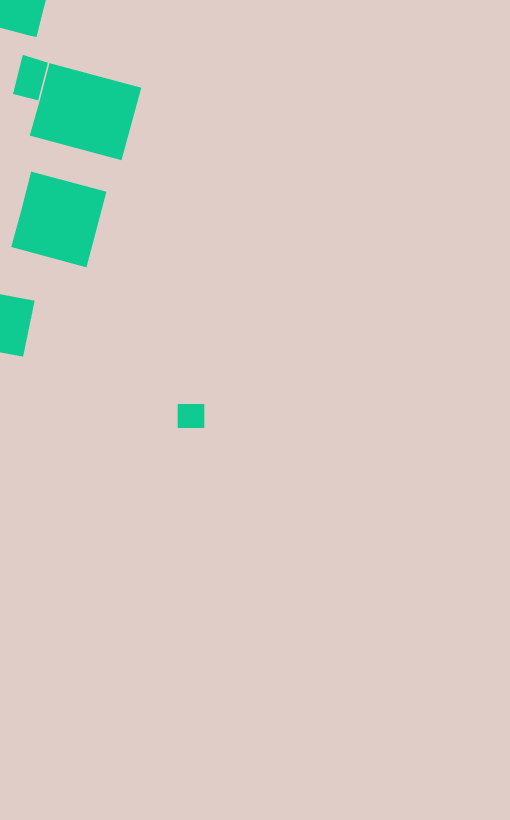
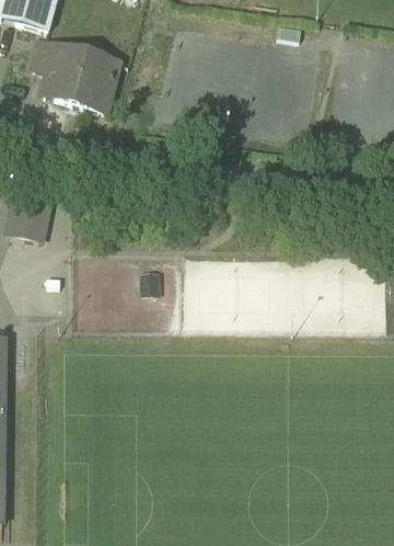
building: [11,171,107,268] -> none

